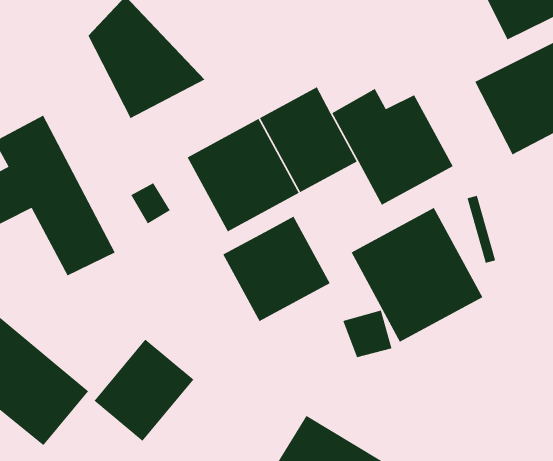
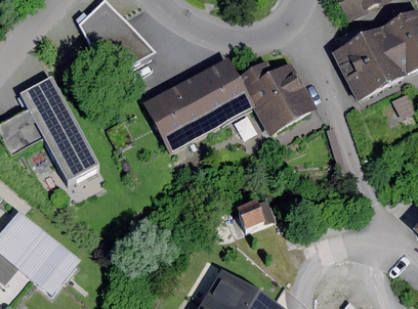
building: [350,207,483,343] -> none
building: [222,215,331,322] -> none
building: [93,338,194,442] -> none

